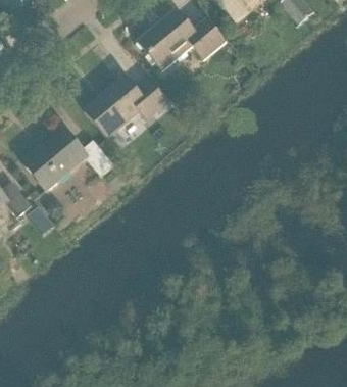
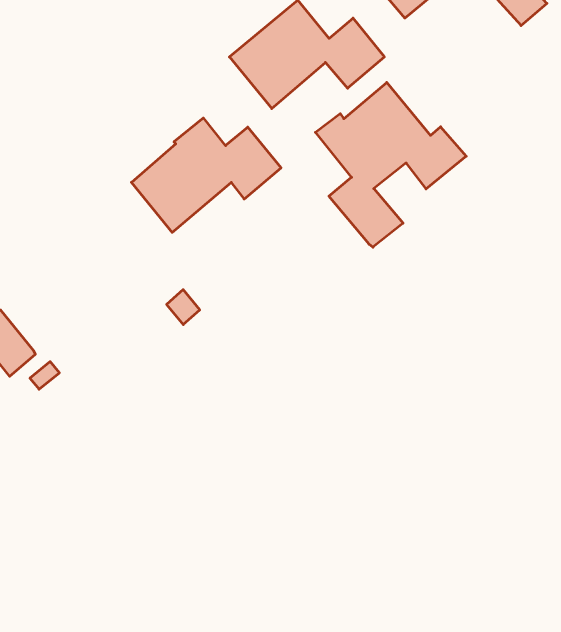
building: none -> [315,82,466,247]
building: [21,129,114,190] -> none

